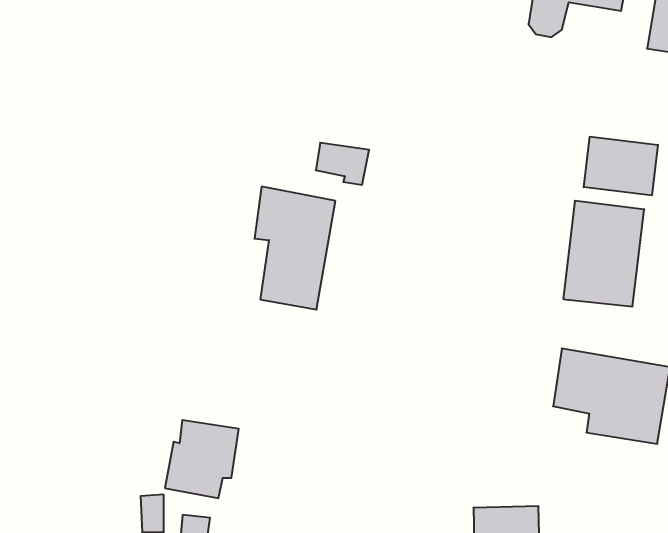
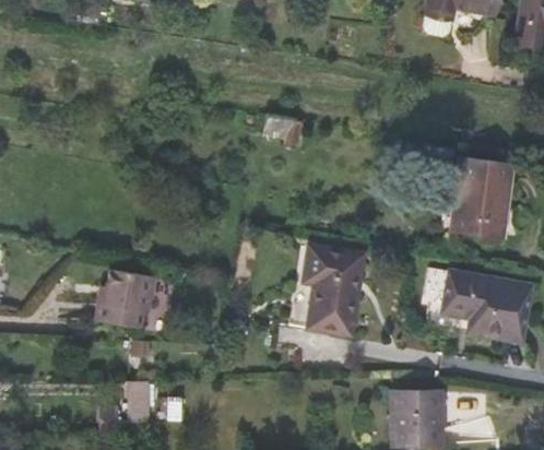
building: [584,137,658,195] -> none
building: [254,187,335,310] -> [303,244,364,336]
building: [165,420,239,498] -> [99,269,155,328]

